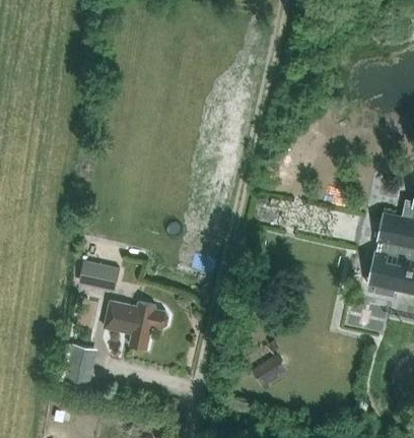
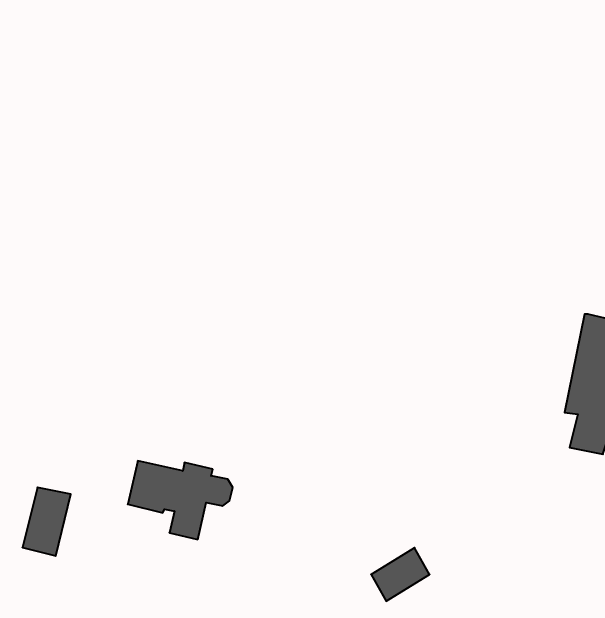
building: [79,261,121,293] -> none
building: [65,346,94,387] -> [22,487,71,556]

